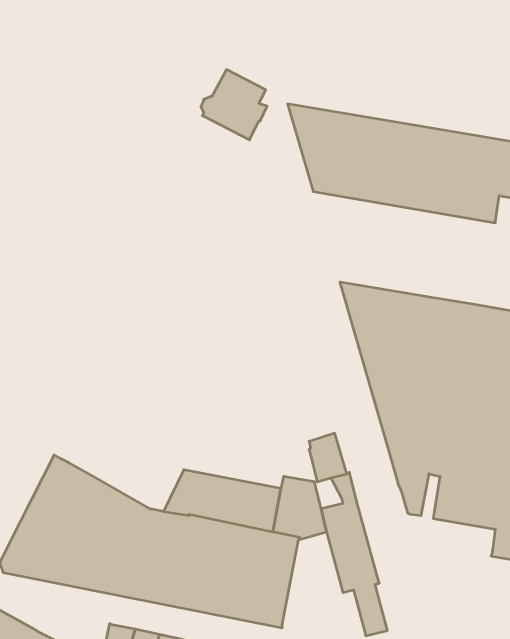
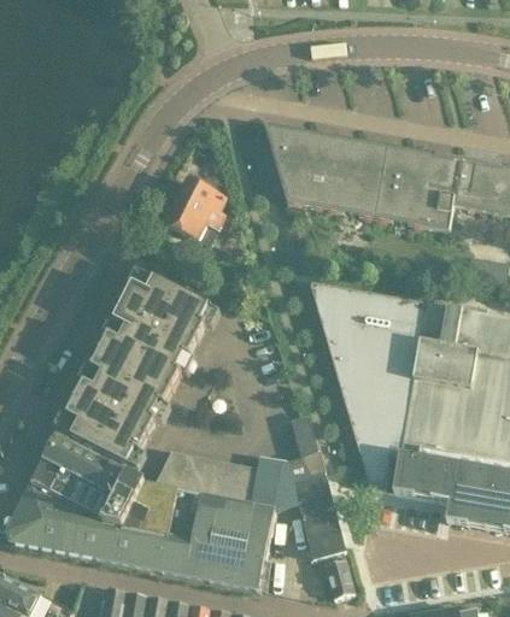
building: [201,70,267,140] -> [164,182,223,245]
building: none -> [68,278,209,465]

